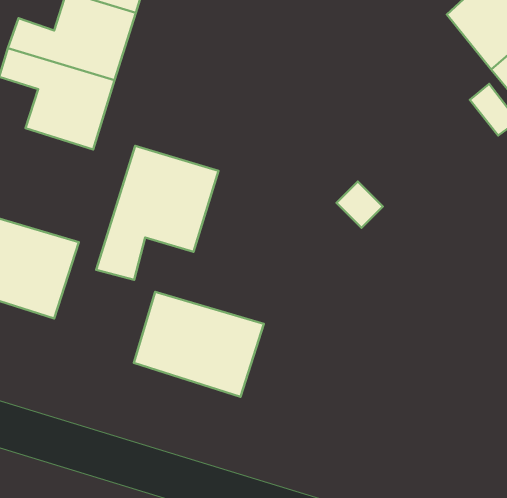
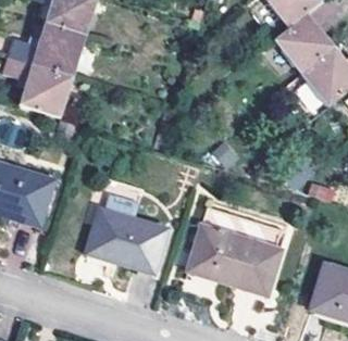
building: [96,146,218,280] -> none
building: none -> [197,226,290,294]

